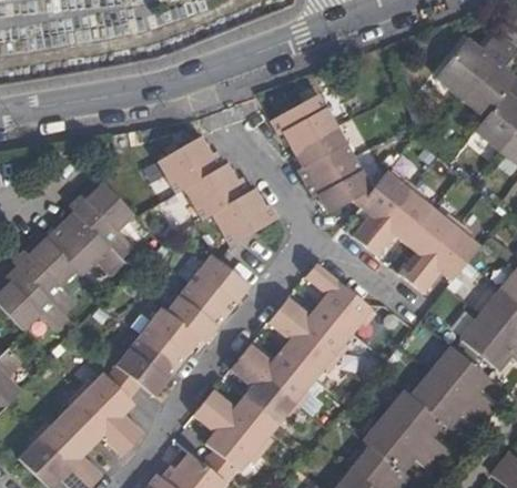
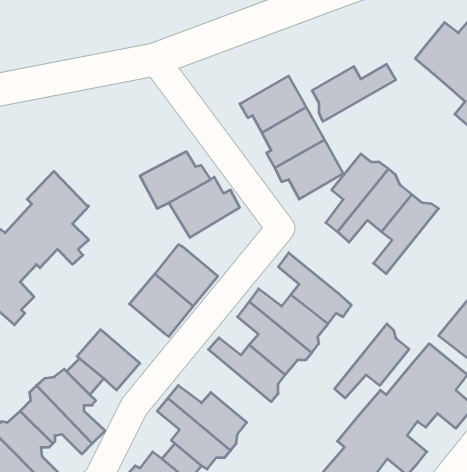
building: none -> [312,64,396,121]
building: [150,139,215,194] -> none
building: [410,220,481,291] -> [335,324,409,398]
building: [138,306,199,367] -> none
building: [231,354,301,424] -> none

